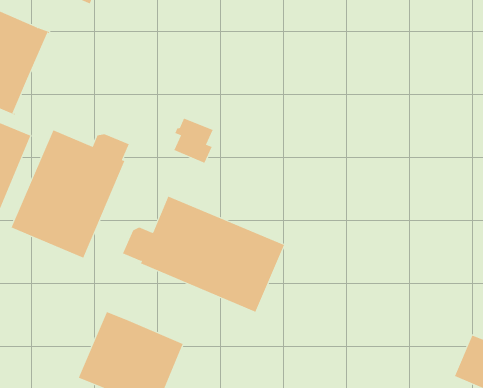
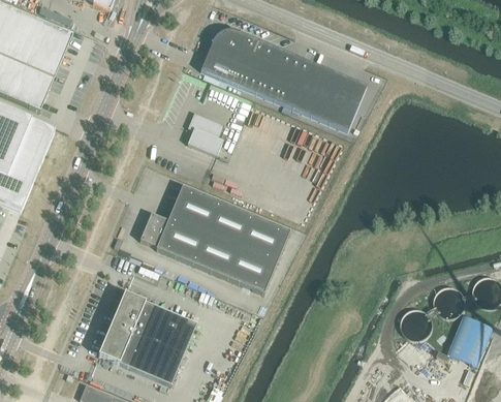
building: none -> [200,29,367,131]
building: [11,129,130,259] -> none

